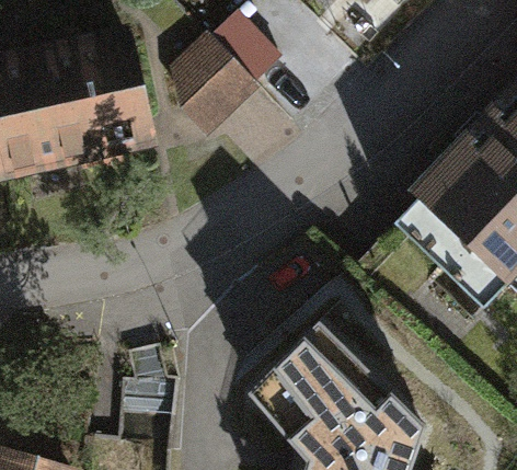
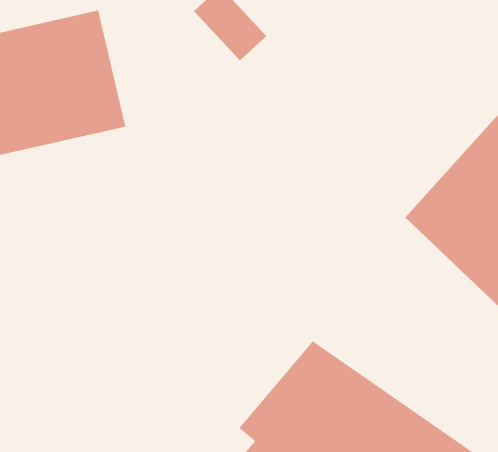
building: [171,36,249,121] -> none

